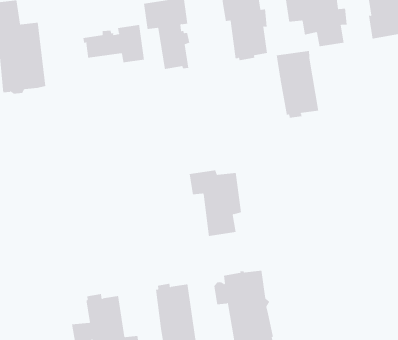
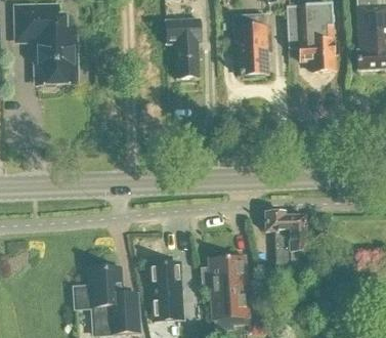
building: [83,24,144,63] -> none
building: [276,50,319,118] -> none
building: [189,170,242,236] -> [265,211,307,267]

